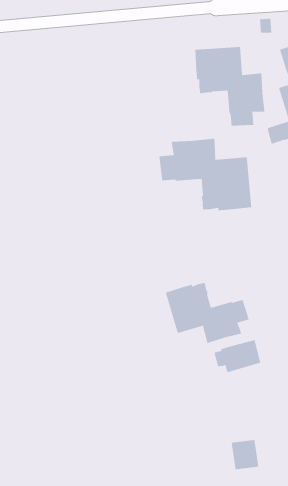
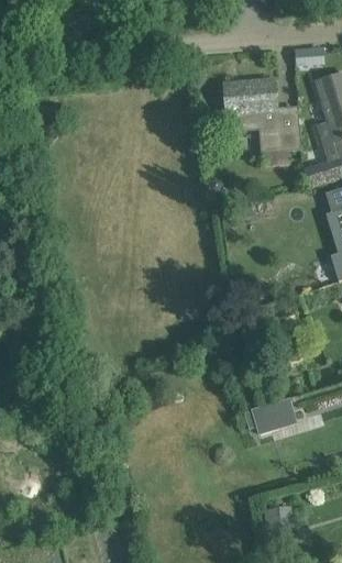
building: [159,138,252,211] -> none
building: [165,282,250,344] -> none

